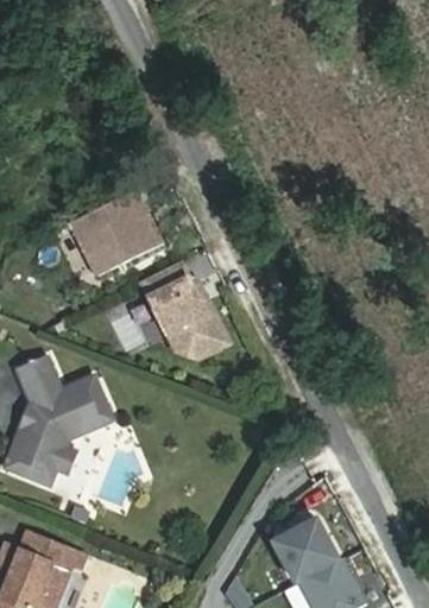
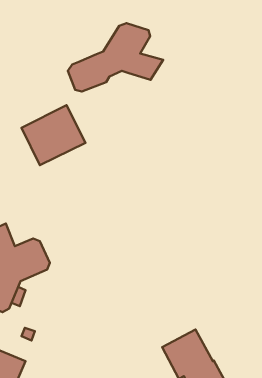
building: none -> [68,23,163,92]
building: [139,261,226,357] -> none

